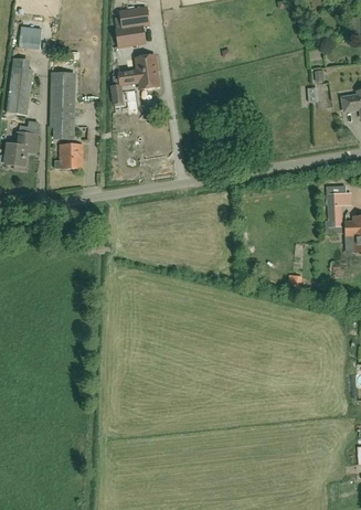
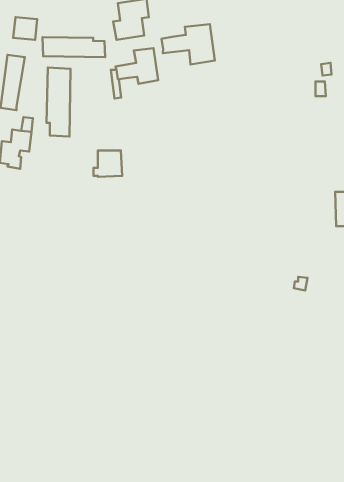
building: none -> [161,24,215,65]
building: none -> [43,37,105,57]
building: [55,145,83,170] -> [93,150,122,177]

